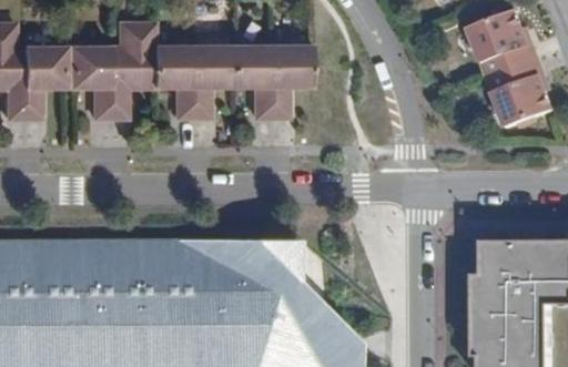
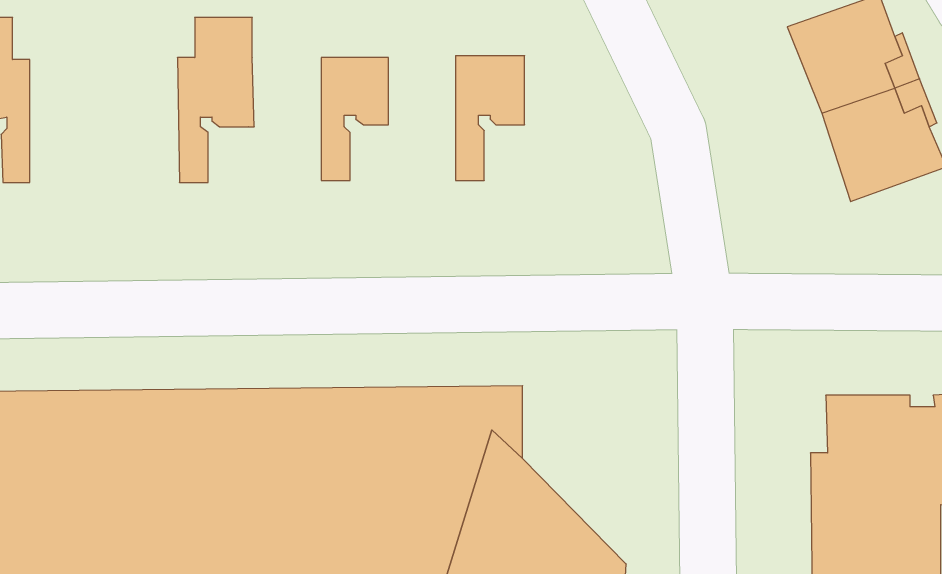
building: [230,45,268,118] -> none
building: [68,47,109,119] -> none
building: [151,47,191,118] -> none
building: [22,48,62,119] -> none

